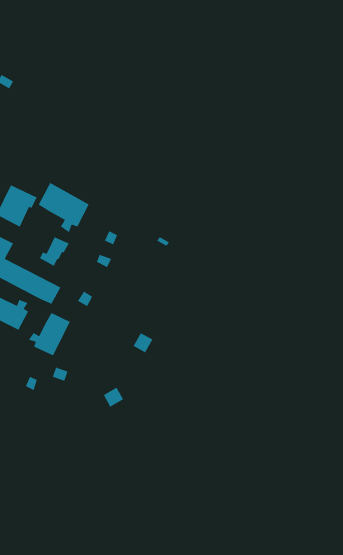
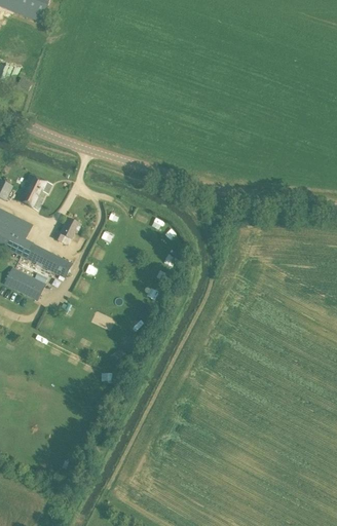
building: [37,182,90,233] -> none
building: [28,312,71,357] -> none

